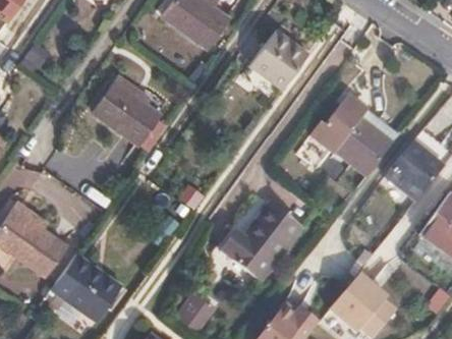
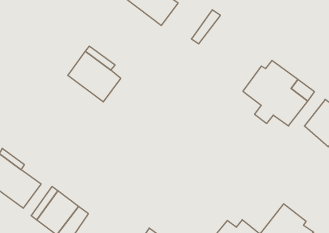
building: [257,40,306,92] -> none
building: [214,204,298,285] -> none

